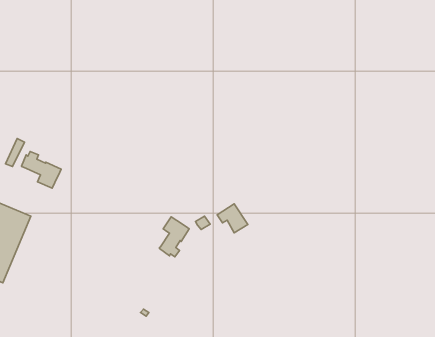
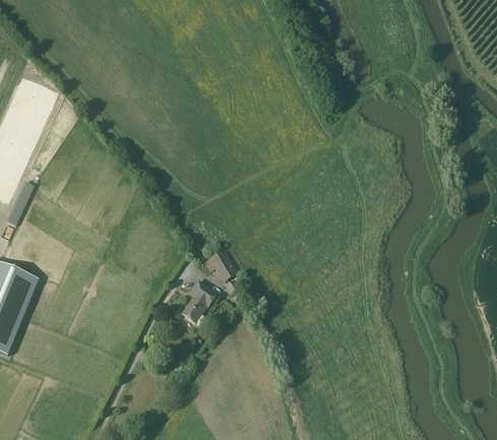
building: [22,152,61,188] -> none
building: [217,204,248,233] -> [203,248,238,280]

